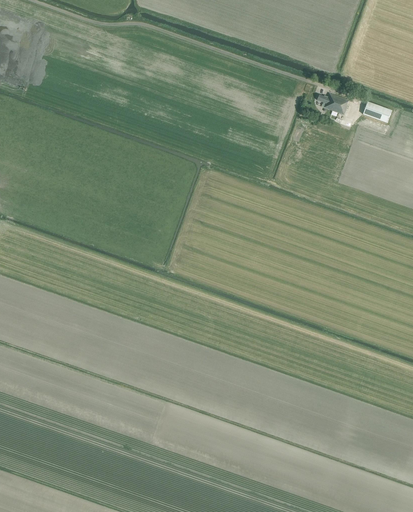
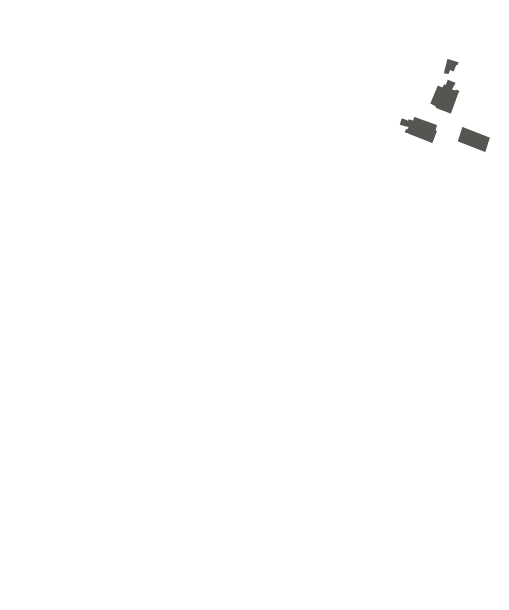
building: none -> [429,79,460,114]

